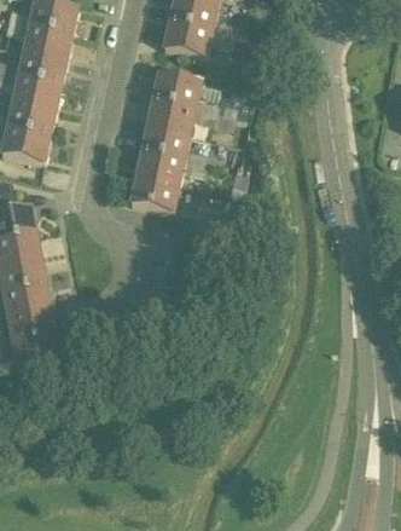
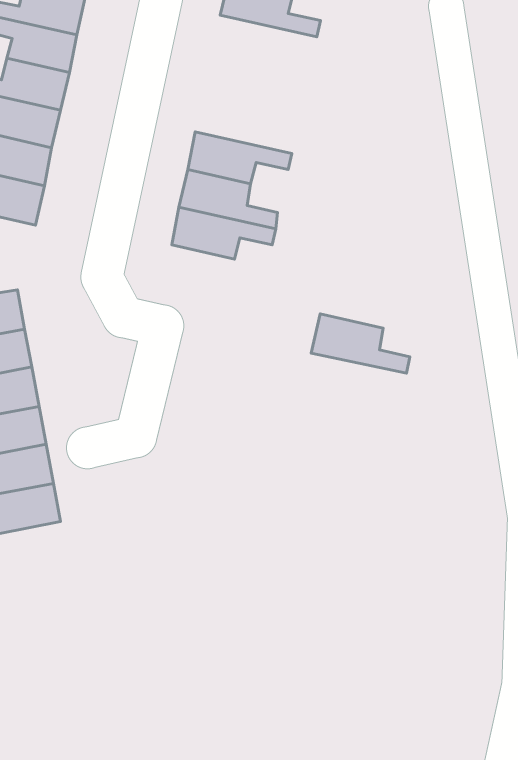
building: [163,19,234,56] -> none
building: [152,73,219,112] -> none
building: [130,174,197,214] -> [311,314,410,373]

